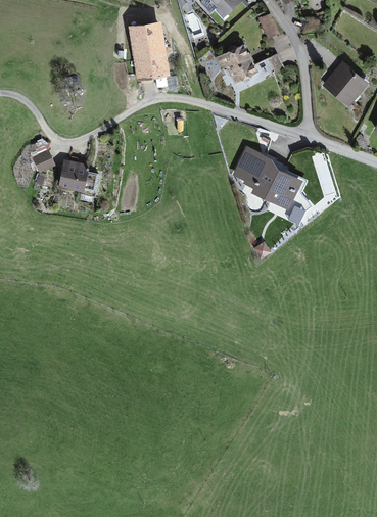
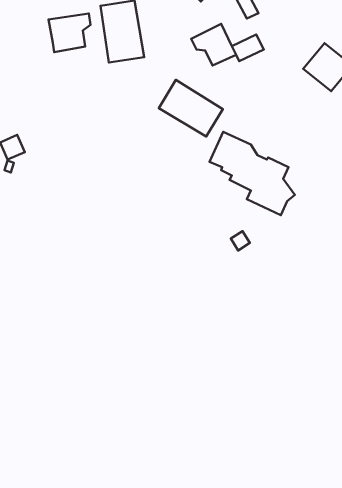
building: none -> [49,13,91,52]
building: none -> [159,80,223,136]
building: [57,158,99,197] -> none

